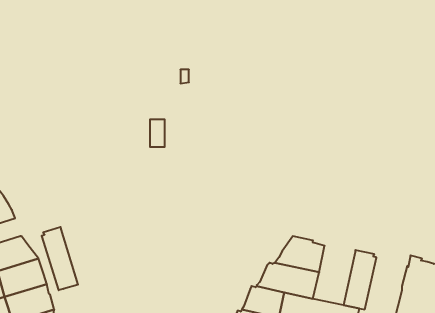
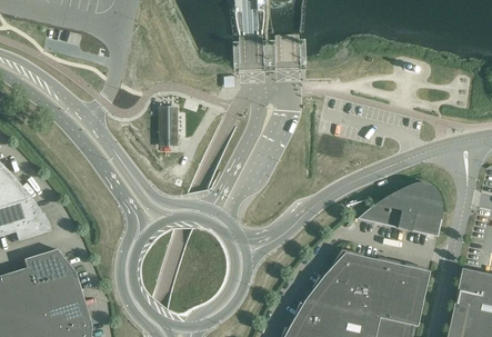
building: [150,119,165,147] -> [160,115,175,143]
building: none -> [358,184,442,237]
building: [42,227,78,290] -> none
building: none -> [363,258,408,323]

